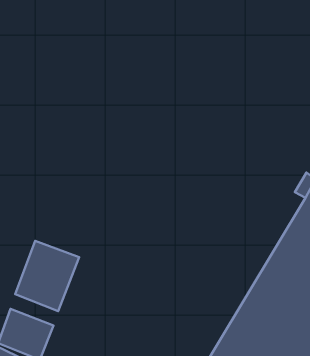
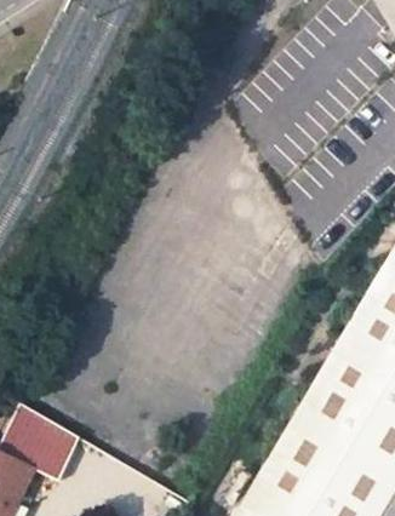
building: [15,241,79,311] -> none

